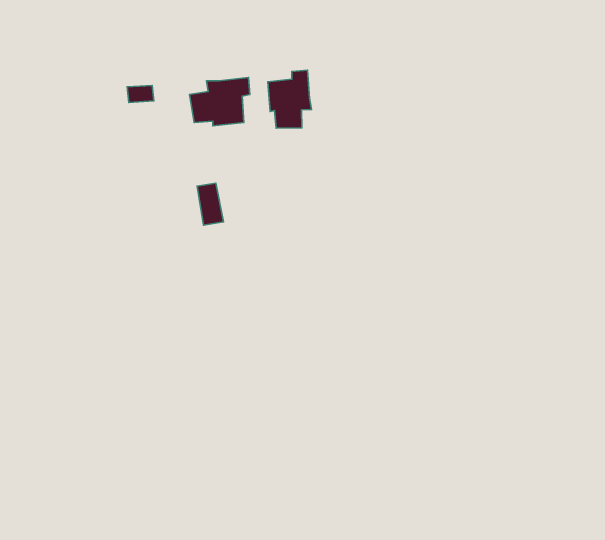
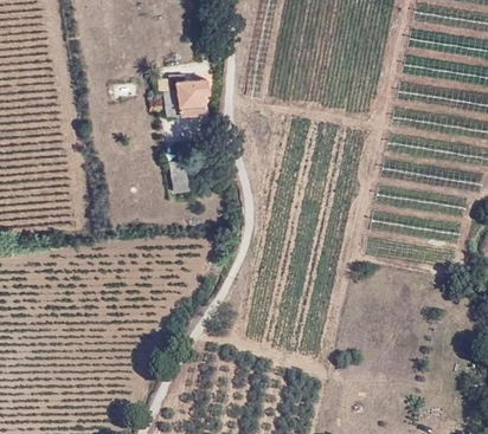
building: [268,70,312,128] -> none

